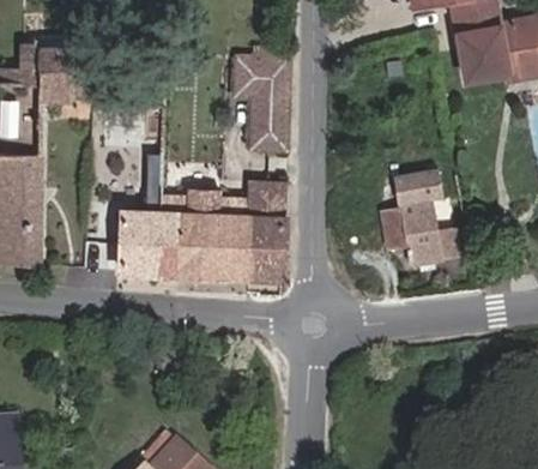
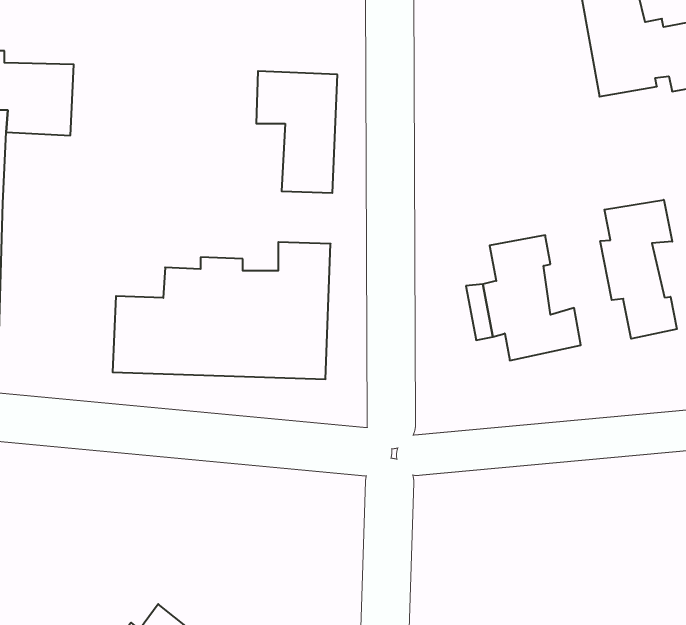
building: none -> [600,200,677,339]

